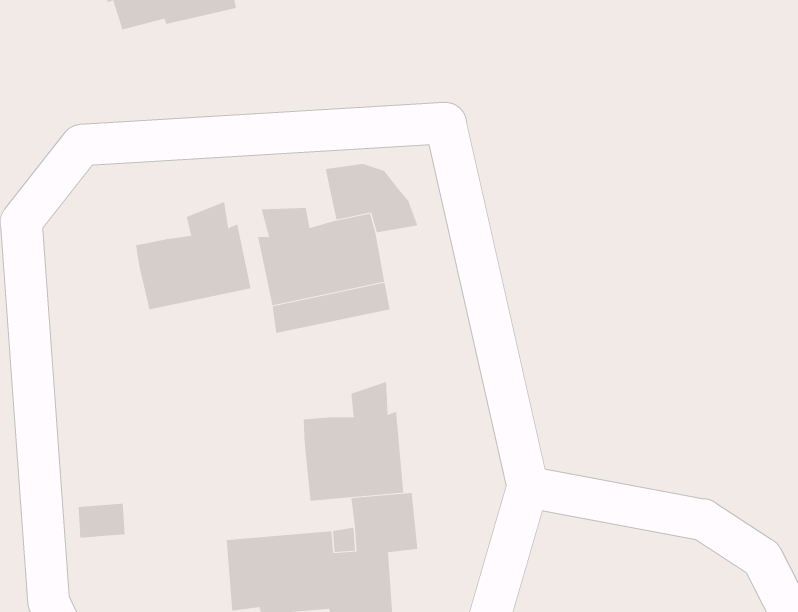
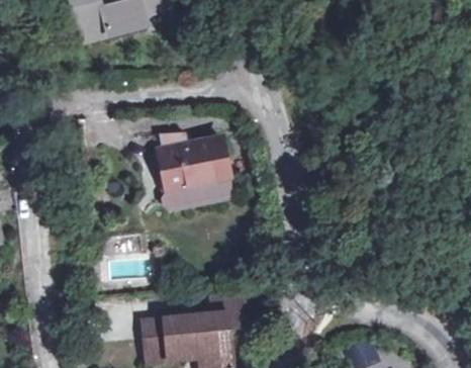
building: [136,201,251,310] -> none
building: [303,381,404,501] -> none

